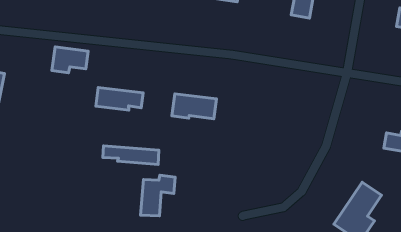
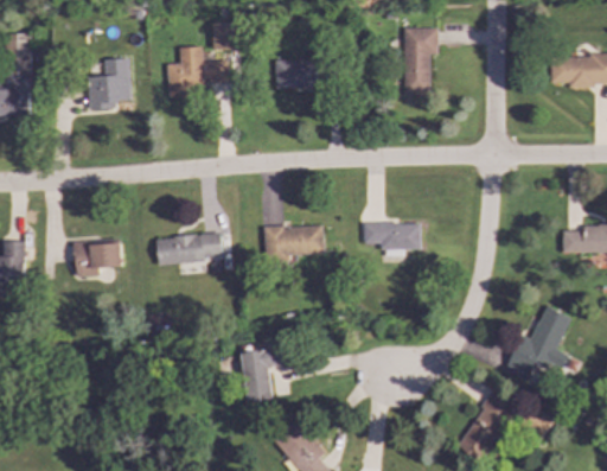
building: [52,47,88,73] -> [74,241,121,276]
building: none -> [363,222,420,255]
building: [103,146,159,164] -> none

